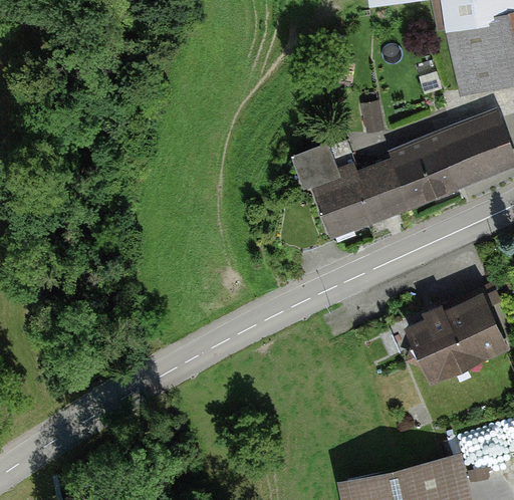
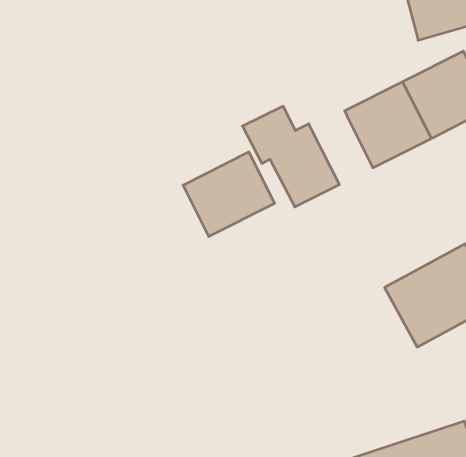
building: [354,159,406,221] -> none
building: none -> [183,152,275,237]

